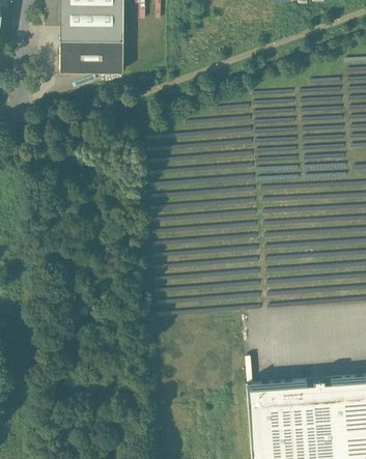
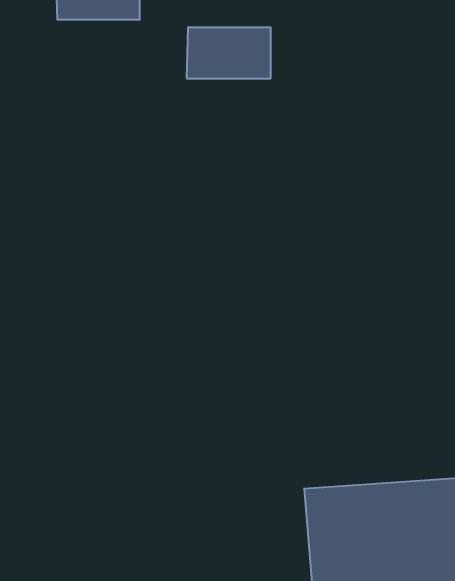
building: [59,34,122,73] -> [187,27,271,78]

